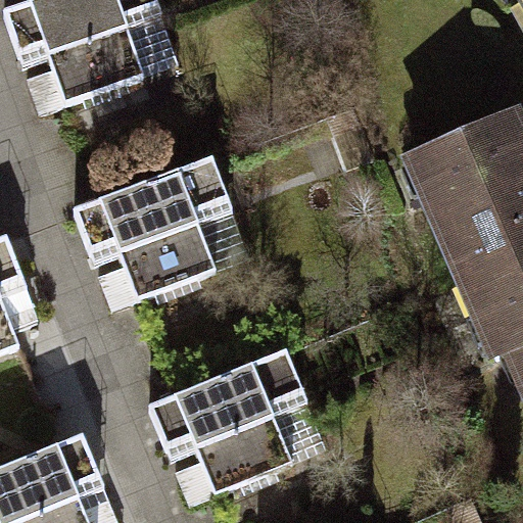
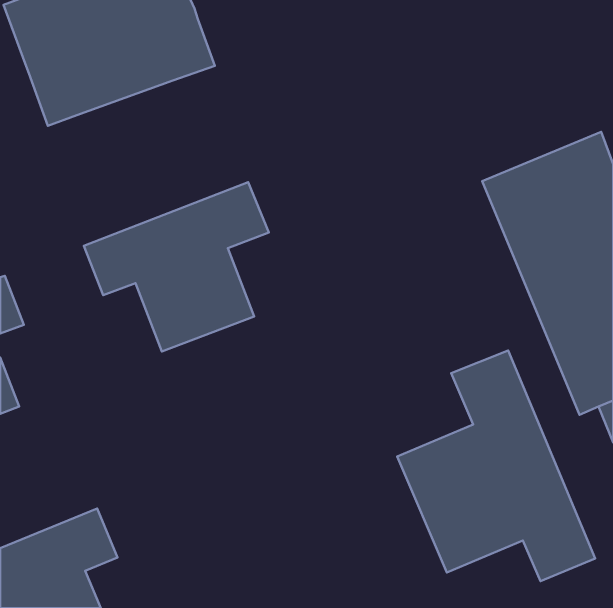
building: none -> [397,350,595,581]
building: [146,350,303,496] -> none

